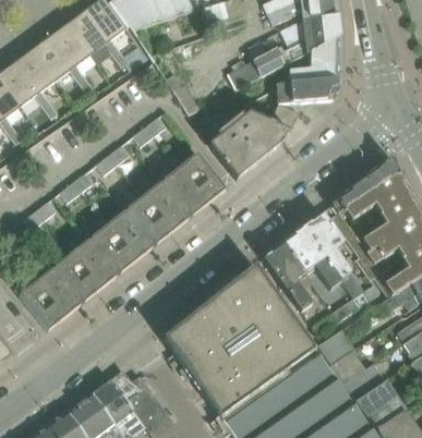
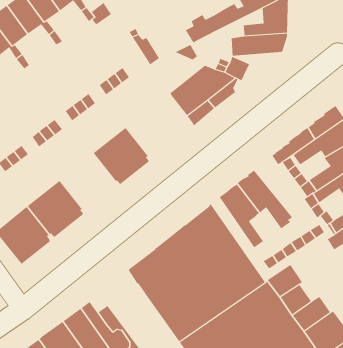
building: [161,153,225,215] -> none
building: [89,209,152,272] -> none
building: [301,212,350,279] -> none

